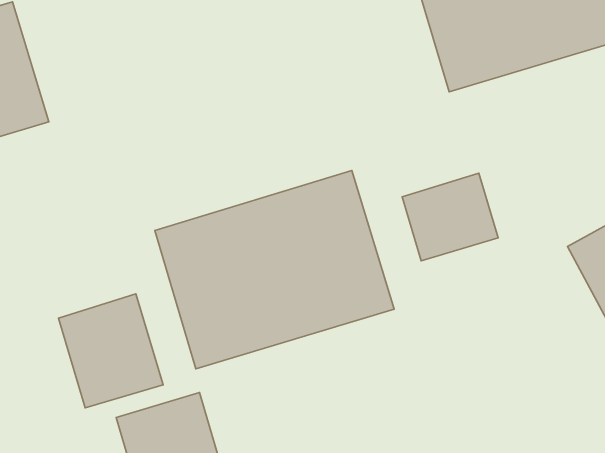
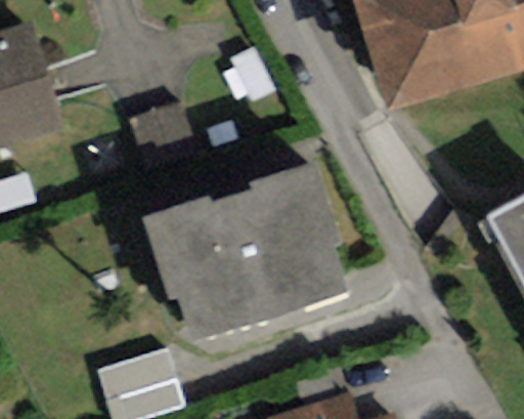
building: [402,173,498,261] -> none
building: [59,294,163,408] -> none

